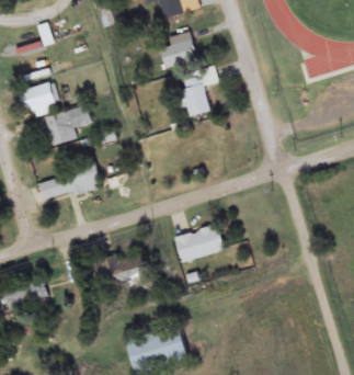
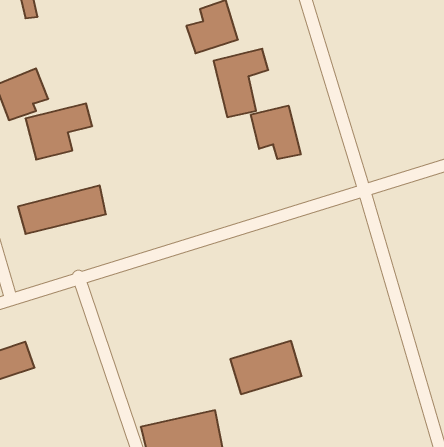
building: none -> [251,106,301,159]
building: [173,224,225,262] -> [230,341,302,394]
building: [112,257,140,281] -> none

